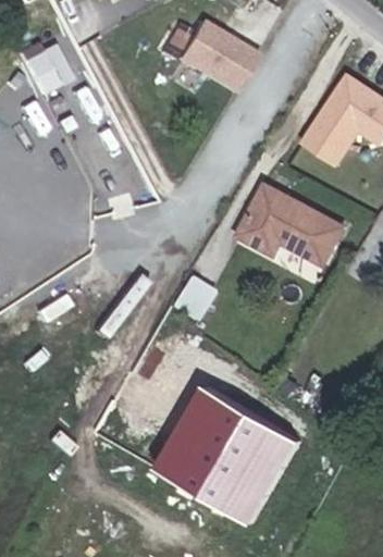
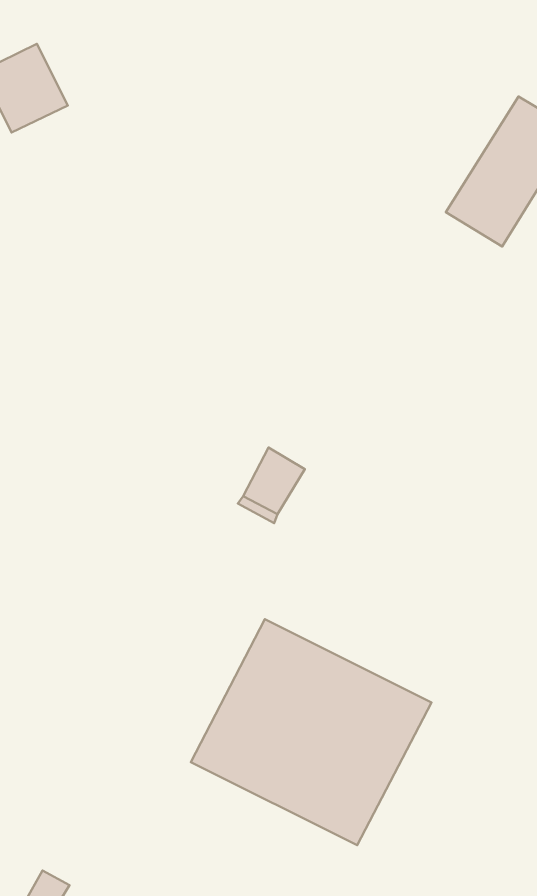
building: [180,24,260,97] -> none
building: [244,190,349,269] -> none

